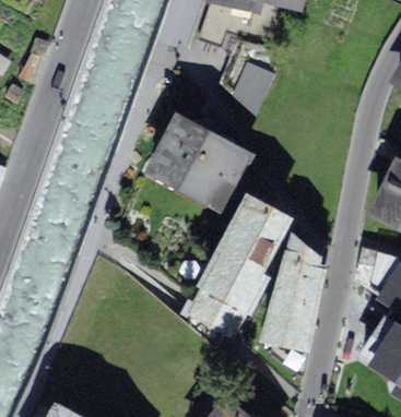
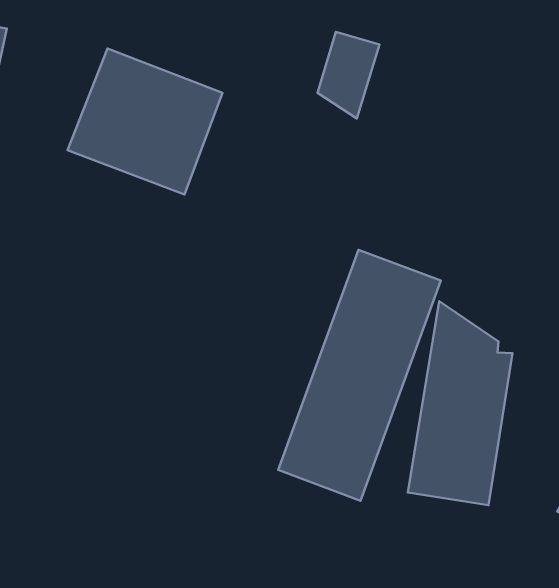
building: [151,116,246,206] -> [68,48,223,194]

